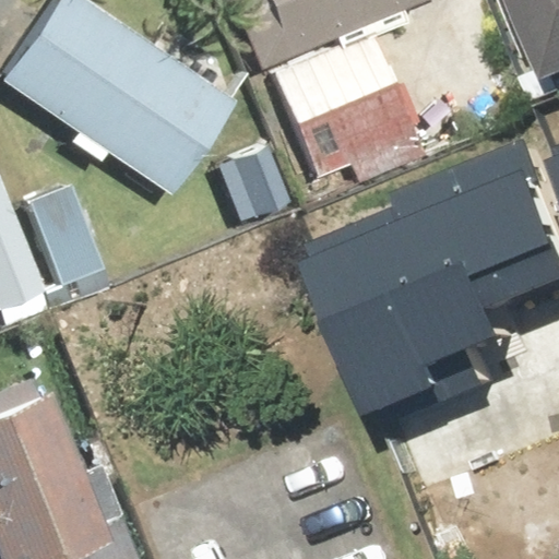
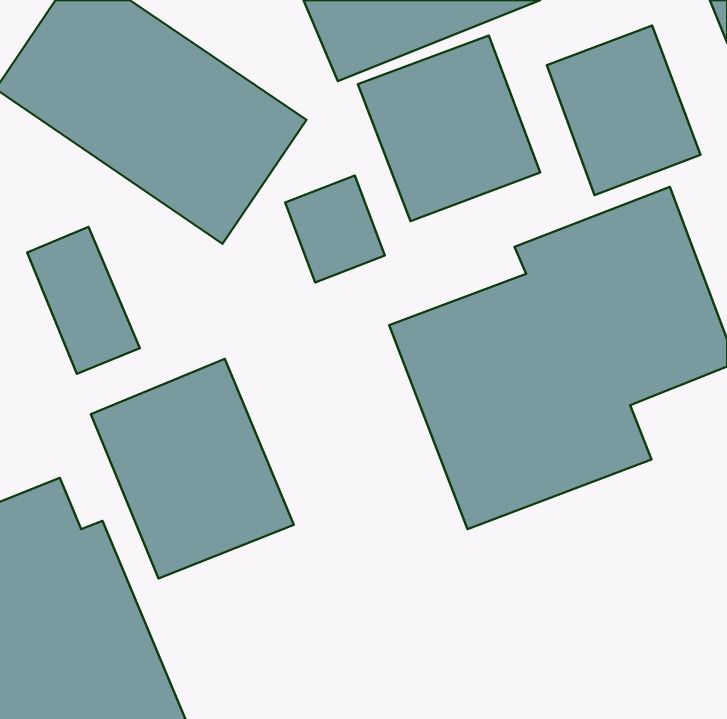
building: none -> [547,26,701,195]
building: none -> [91,359,294,579]

